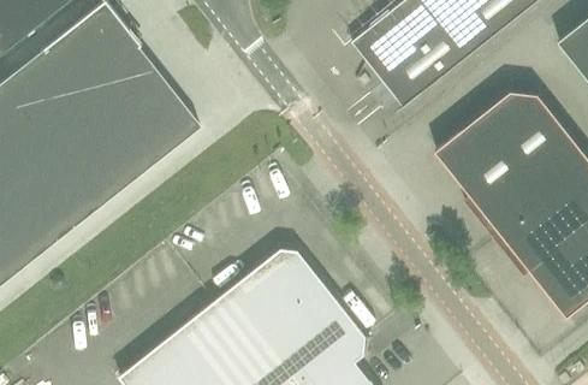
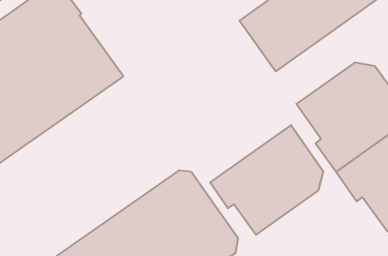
building: none -> [210,125,323,235]

